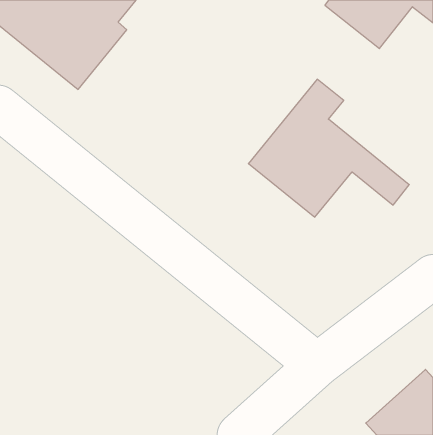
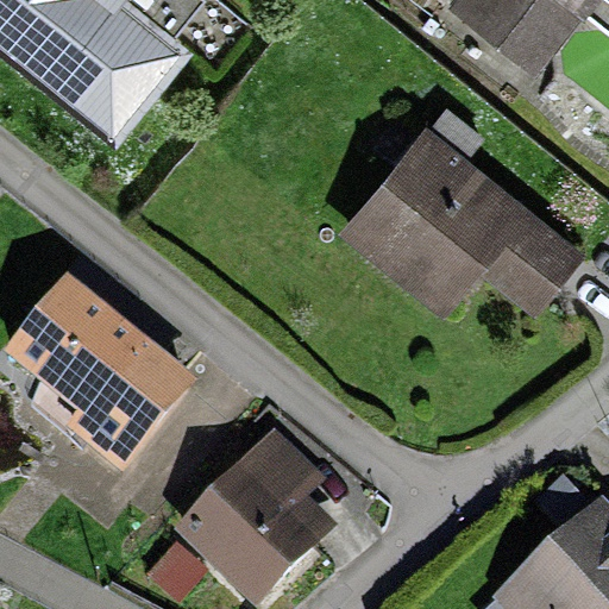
building: none -> [12,296,184,469]
building: none -> [183,446,309,603]

